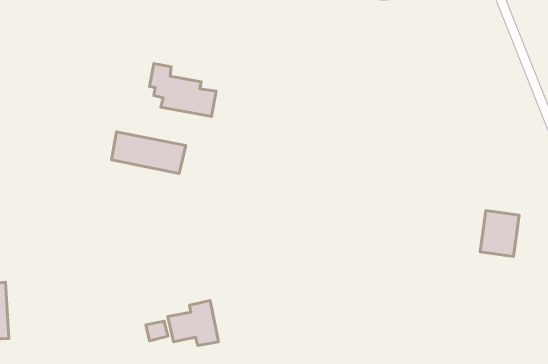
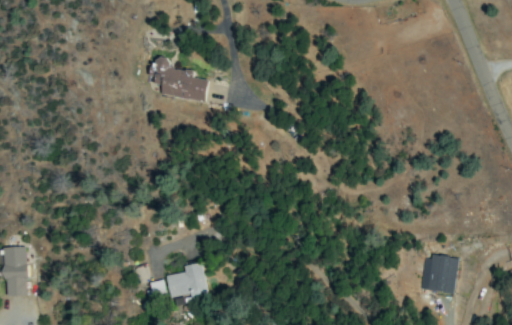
building: [111,132,186,173] -> none
building: [480,210,519,256] -> [425,254,459,294]

